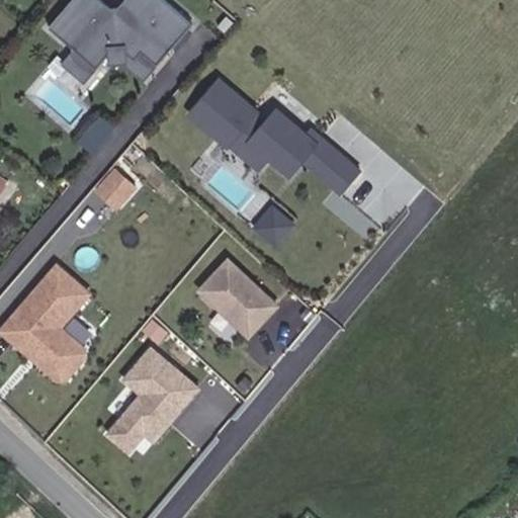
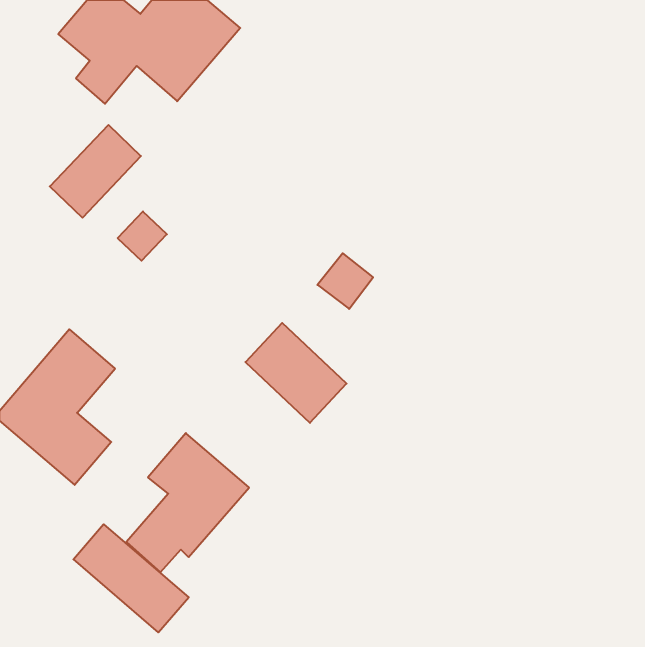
building: [188,78,361,195] -> none
building: none -> [50,125,141,218]
building: none -> [73,524,189,632]

